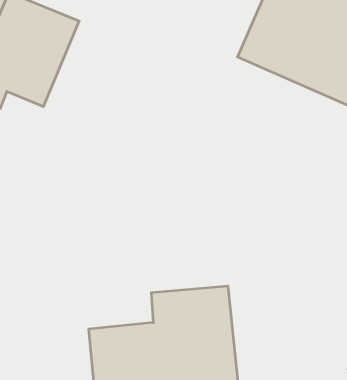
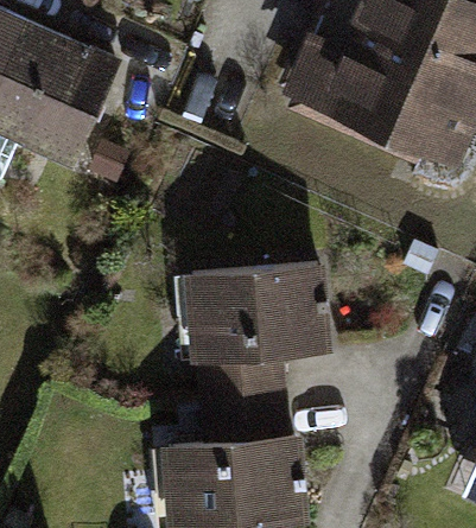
building: none -> [190,265,332,403]

